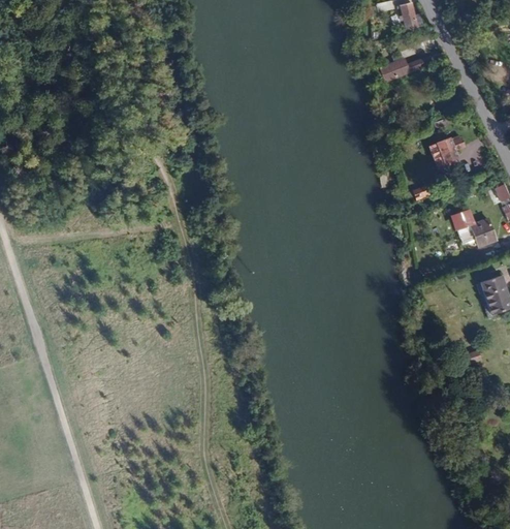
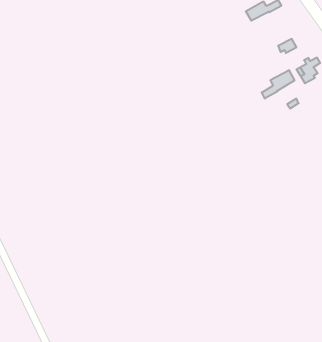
building: none -> [262,70,294,99]

